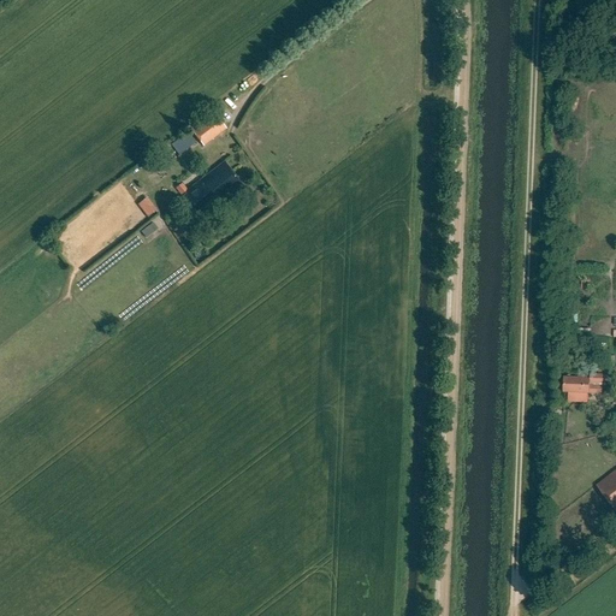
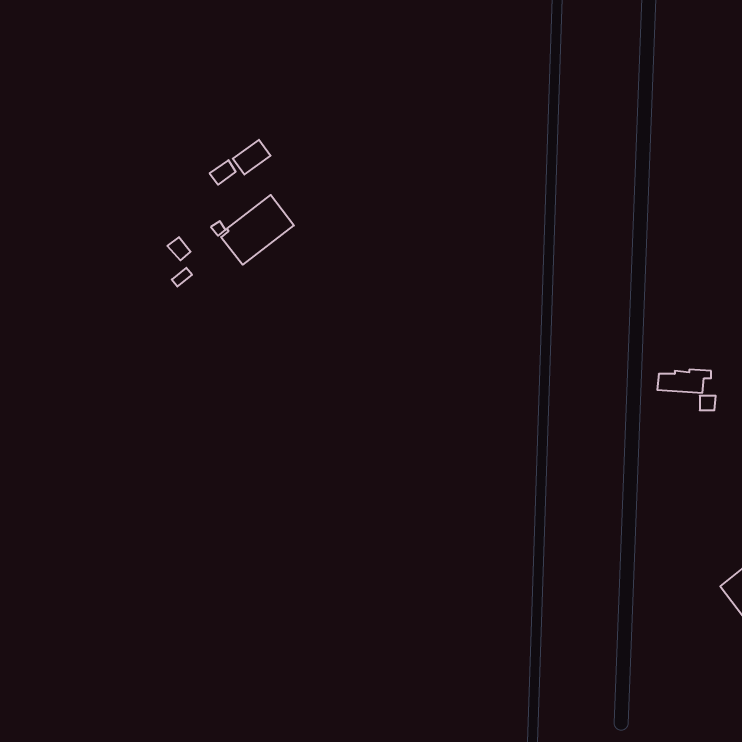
building: [564,374,609,393] -> [657,370,711,393]

